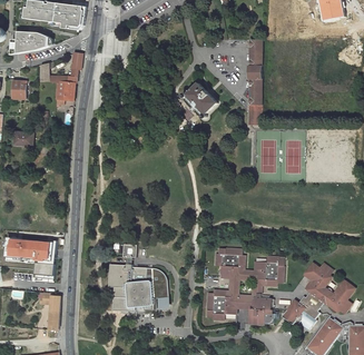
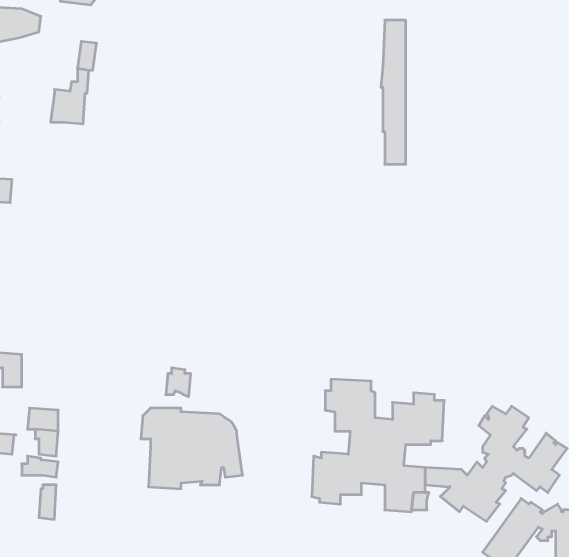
building: [181,82,217,119] -> none

